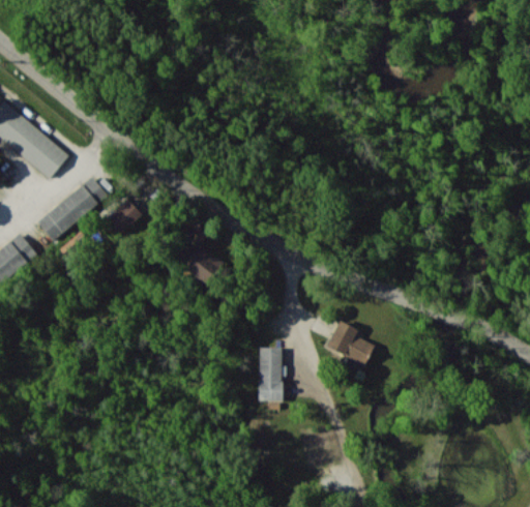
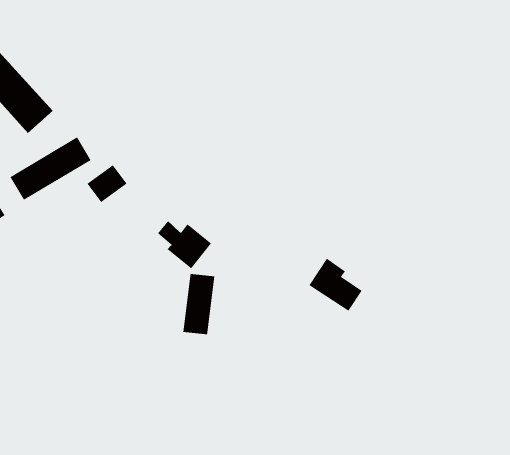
building: [326,321,375,366] -> [309,258,363,311]
building: [259,349,283,401] -> [183,274,215,335]

